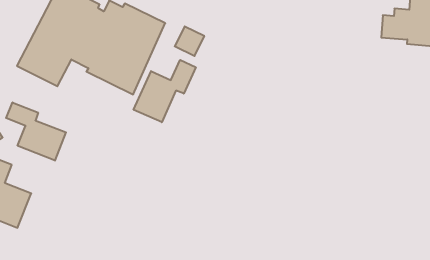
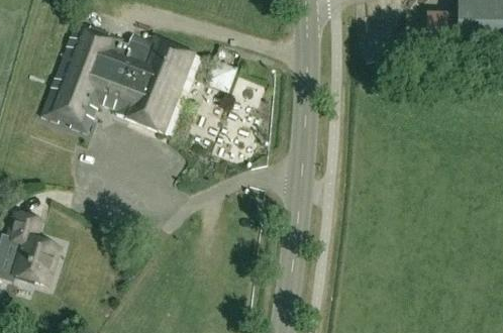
building: [134,60,196,122] -> none
building: [6,102,66,161] -> none

